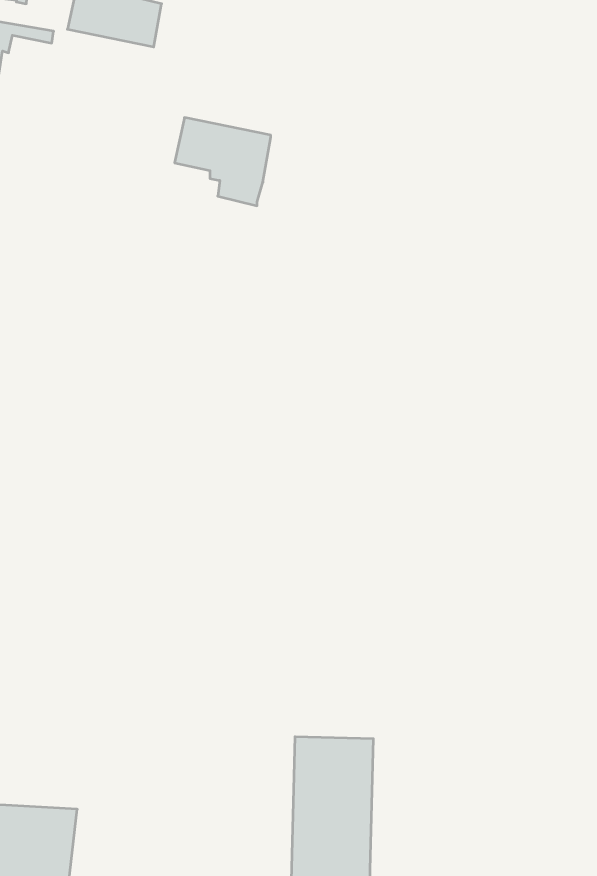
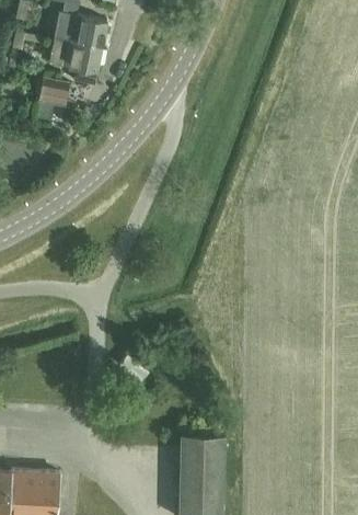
building: none -> [38,81,69,108]
building: [175,118,271,206] -> [49,39,103,89]

